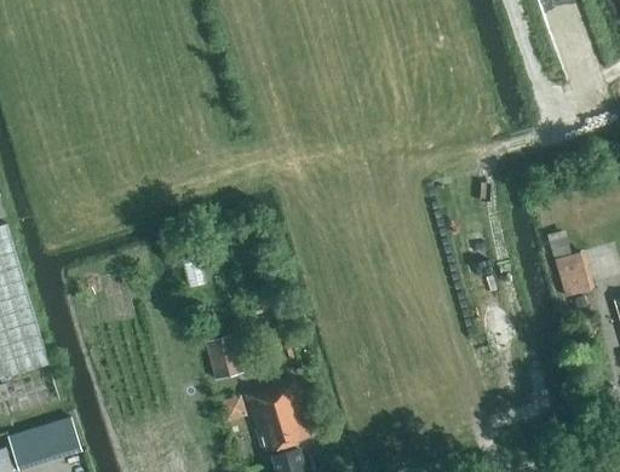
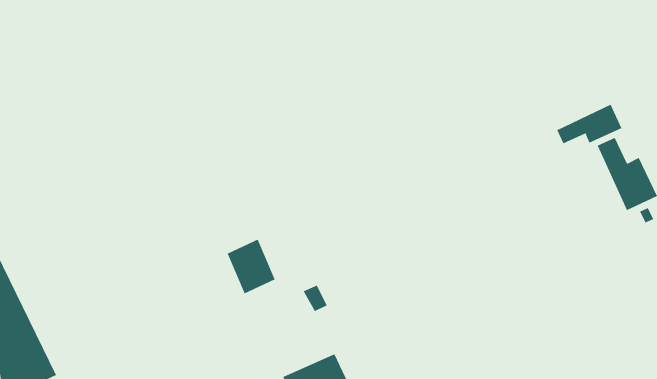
building: none -> [557,104,622,144]
building: [206,336,245,382] -> [227,239,276,294]

